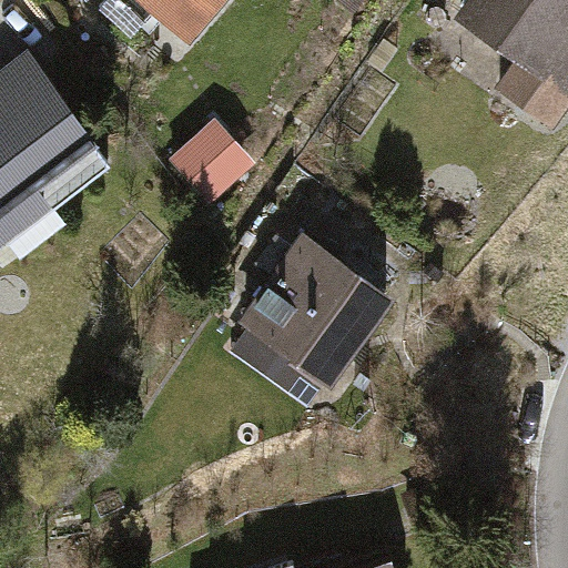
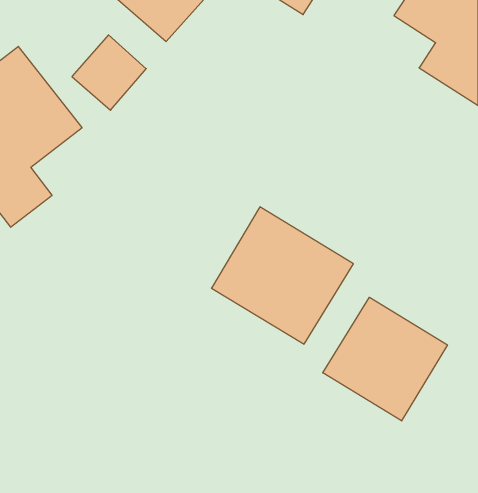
building: [156,108,242,194] -> [72,35,146,110]
building: none -> [323,297,447,421]

